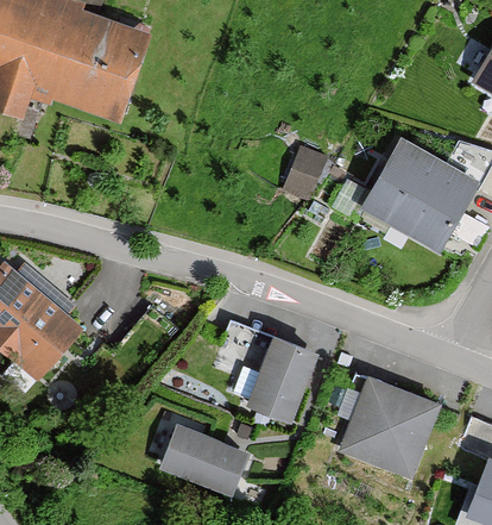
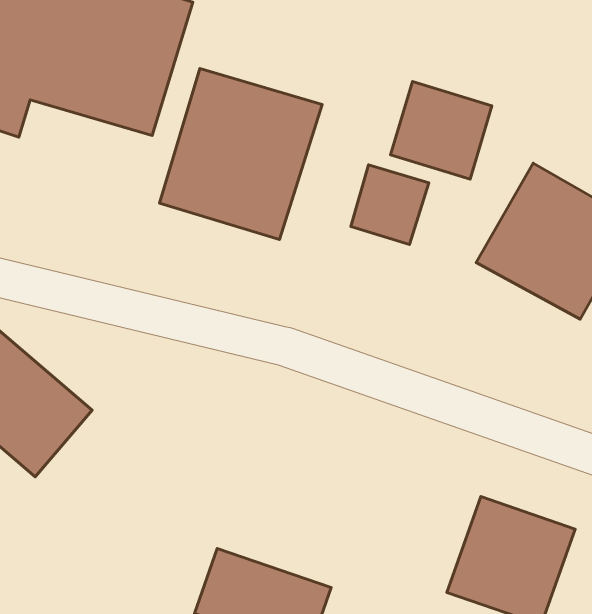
building: none -> [160,68,322,239]
building: none -> [391,81,492,179]
building: [250,327,320,408] -> none

